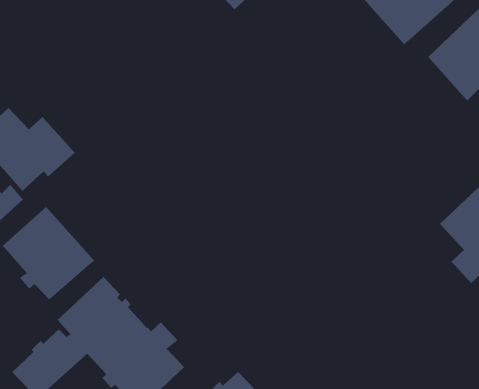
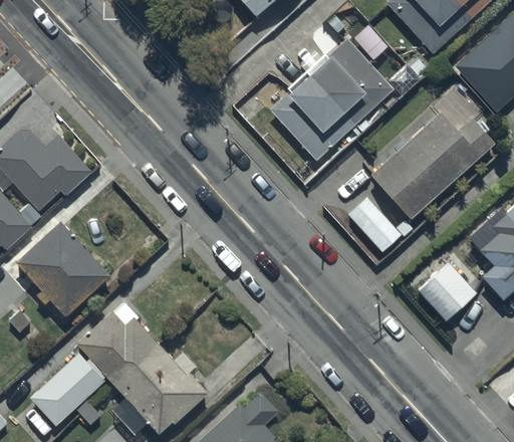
building: none -> [270,40,394,161]
building: none -> [369,114,494,221]
building: none -> [347,196,403,254]
building: none -> [423,261,477,316]

